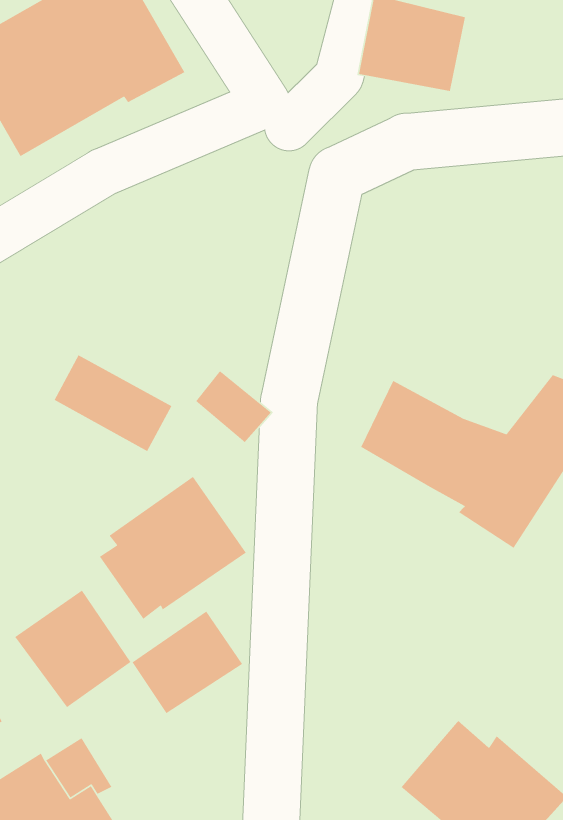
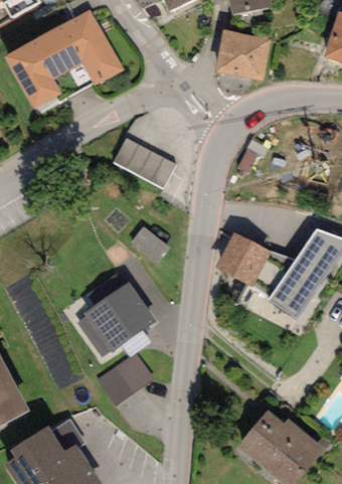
building: [53,354,172,452] -> [113,137,175,188]
building: [14,590,132,708] -> none

